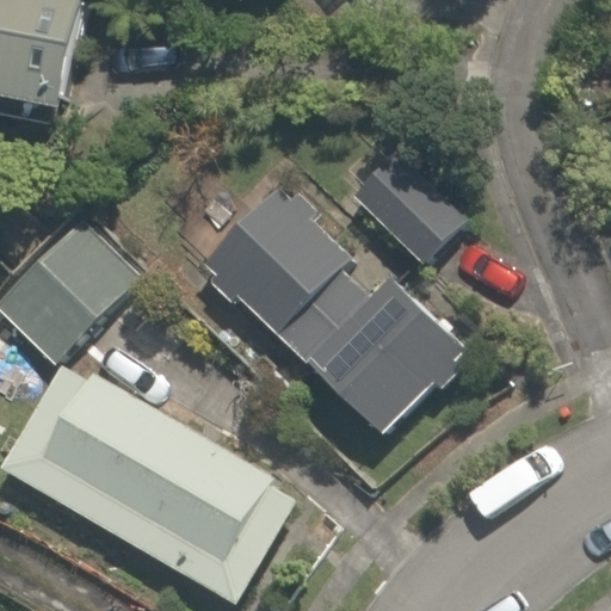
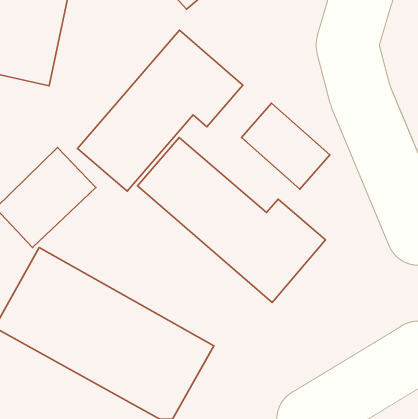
building: none -> [78,30,243,191]

